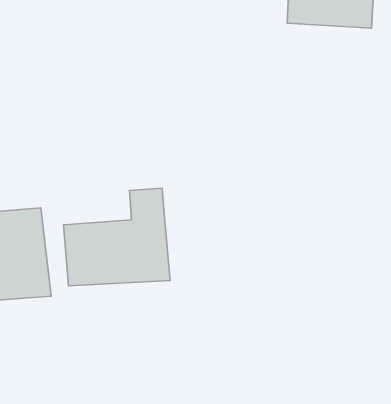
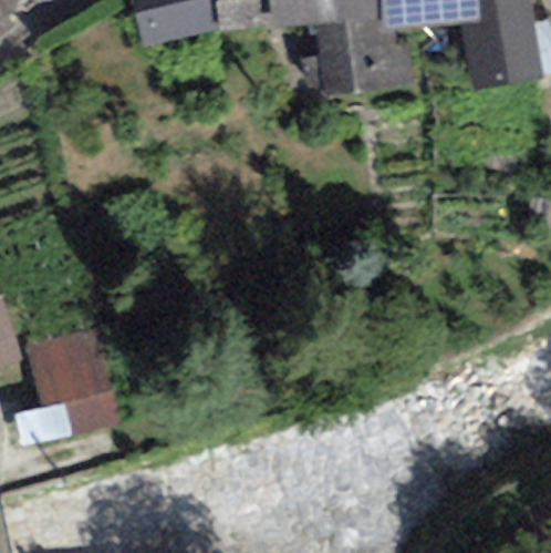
building: [64,188,170,286] -> none

